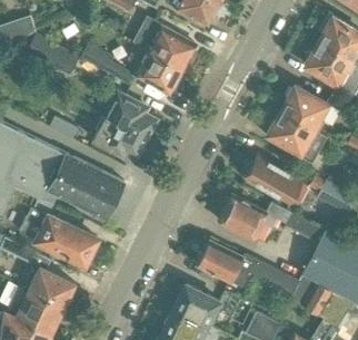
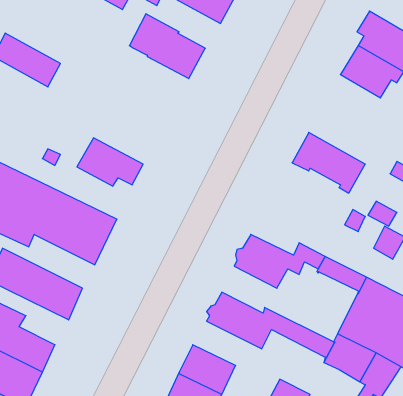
building: [80,45,182,94] -> none
building: [279,86,338,138] -> none
building: [106,94,156,138] -> none
building: [243,156,302,202] -> none

